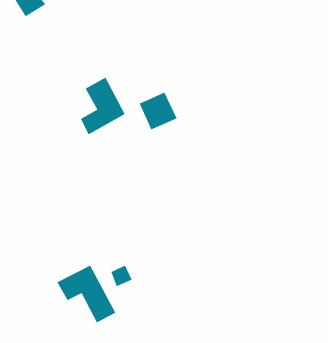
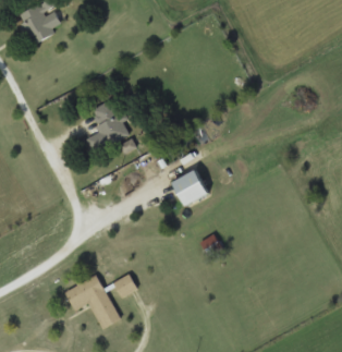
building: [139,92,178,130] -> [173,169,209,205]

